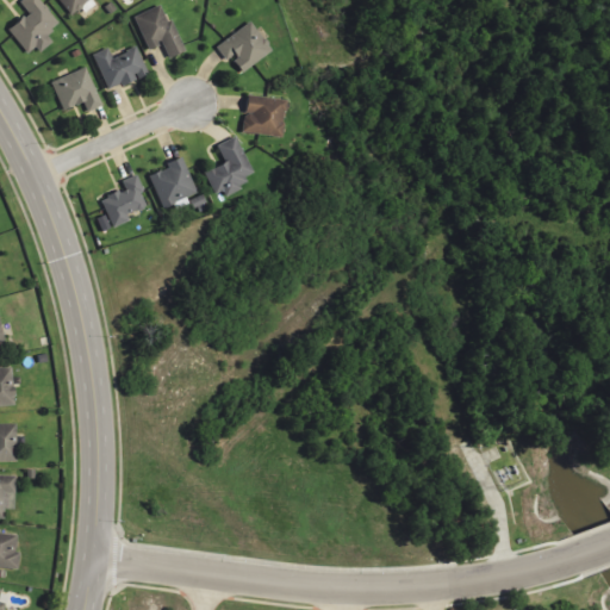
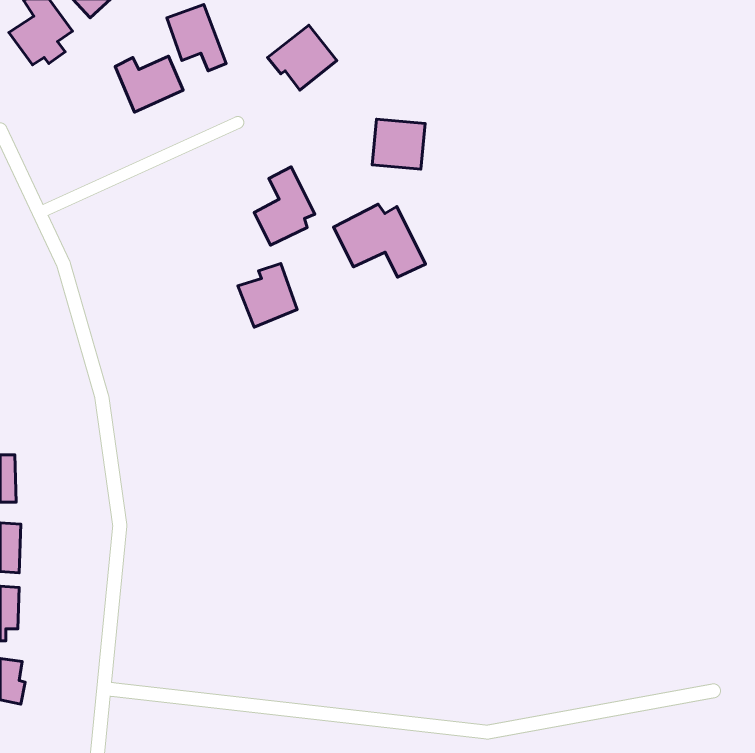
building: [51,67,101,111] -> none
building: [243,95,286,136] -> [372,119,425,169]
building: [149,156,197,207] -> [238,264,297,327]
building: none -> [334,204,426,277]
building: [100,174,149,228] -> none

